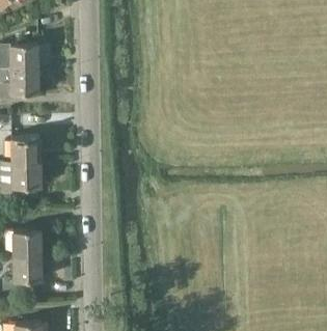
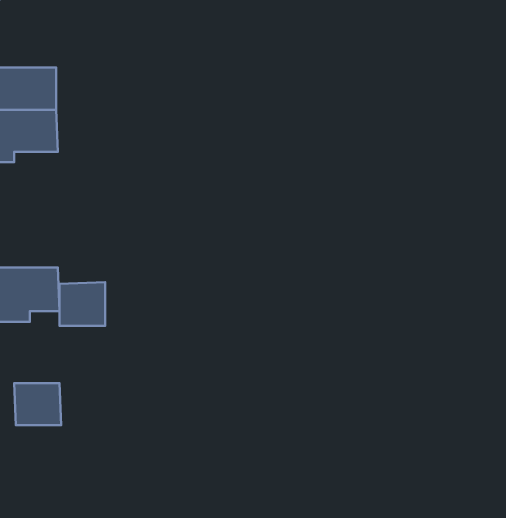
building: [12,137,39,163] -> [60,282,105,326]
building: [15,256,42,281] -> none

